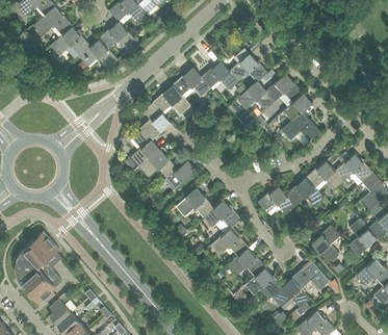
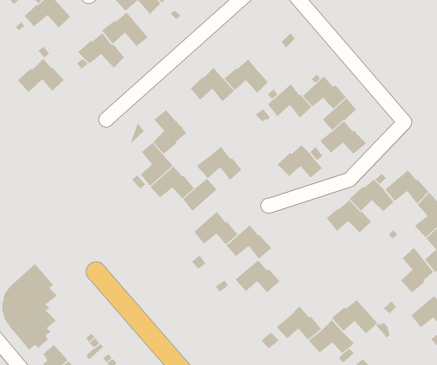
building: [50,26,89,55] -> [17,58,65,93]
building: [229,53,267,82] -> none
building: [151,85,189,114] -> [196,146,242,181]
building: [256,185,294,213] -> [277,144,323,178]
building: [310,225,339,263] -> none
building: [226,247,264,276] -> none

